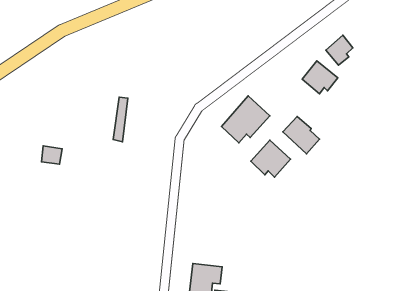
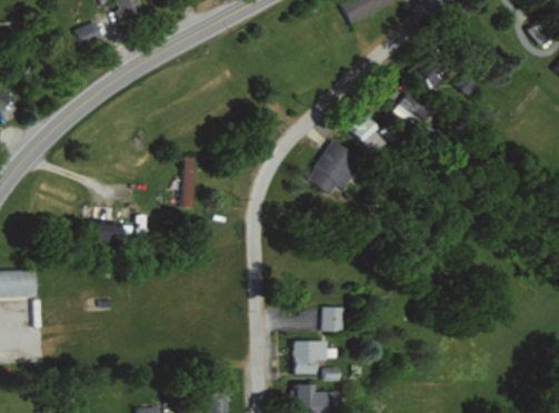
building: [283,116,320,154] -> [350,113,393,155]
building: [251,140,290,177] -> none
building: none -> [320,306,342,331]

